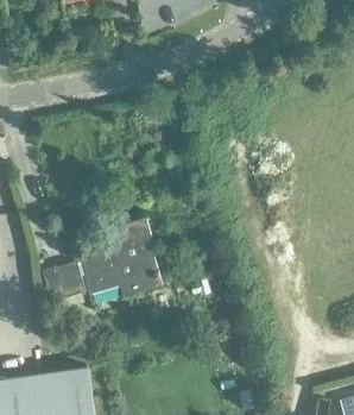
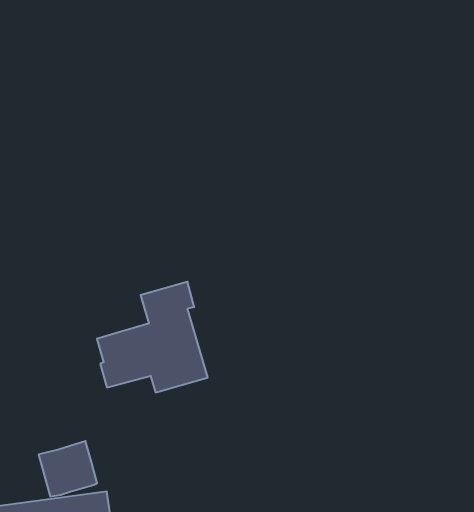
building: [43,262,84,301] -> [39,441,97,497]

